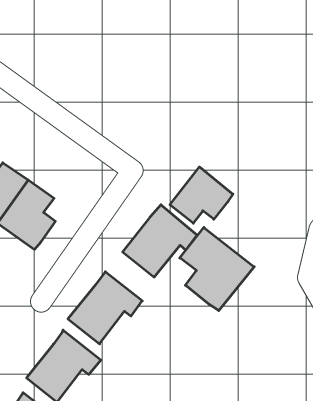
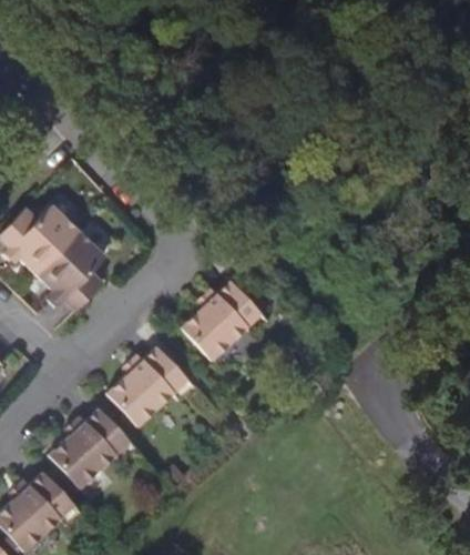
building: [170,167,233,223] -> none
building: [180,227,254,311] -> none

